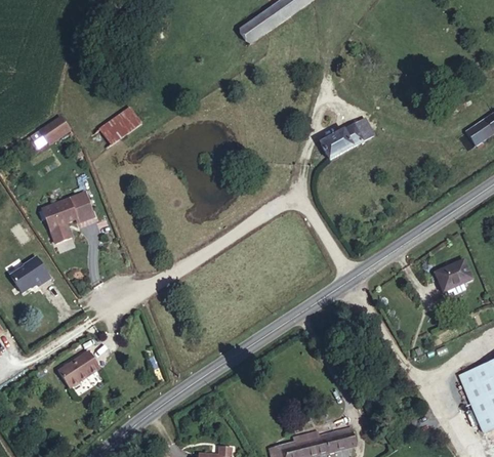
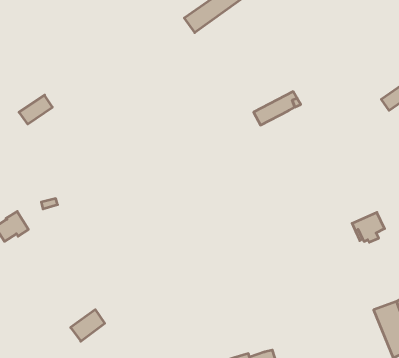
building: [97,108,140,146] -> none
building: [42,193,93,231] -> none
building: [57,352,98,390] -> [71,310,105,341]

